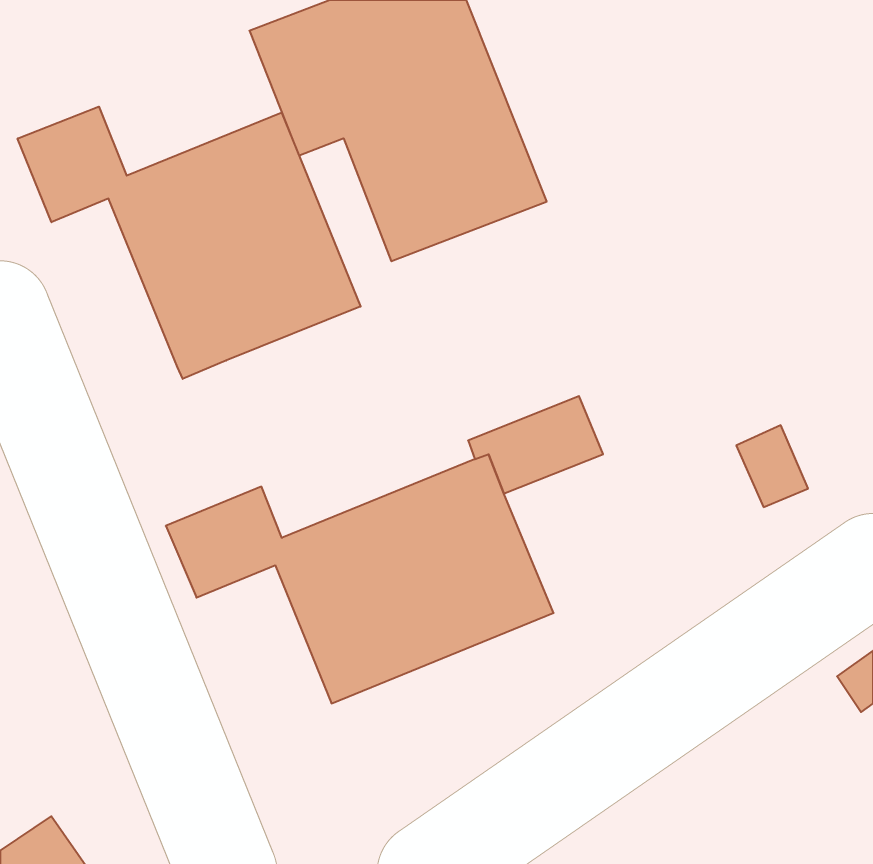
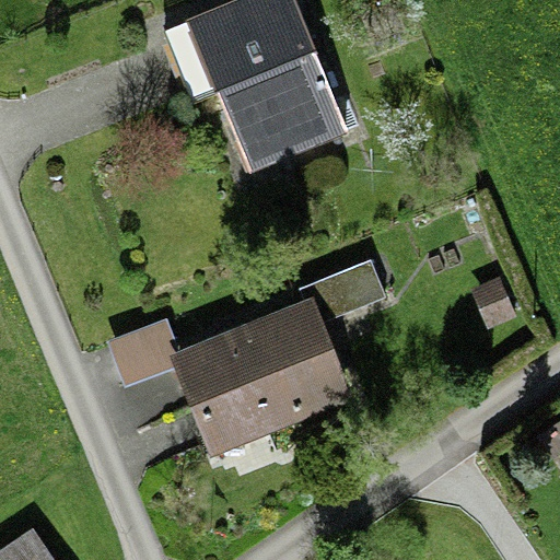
building: [18,107,361,379] -> none

